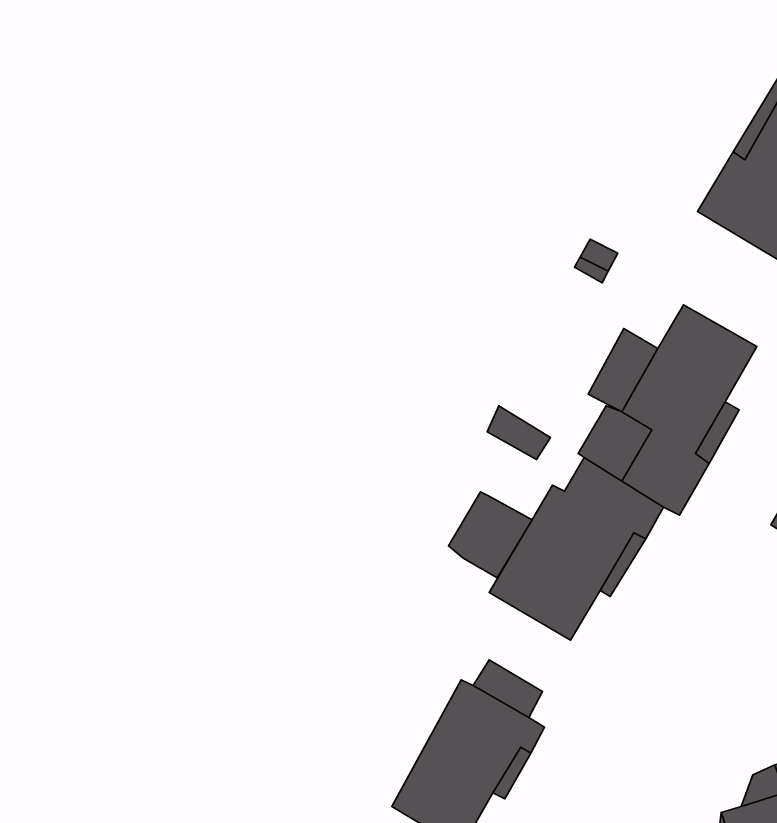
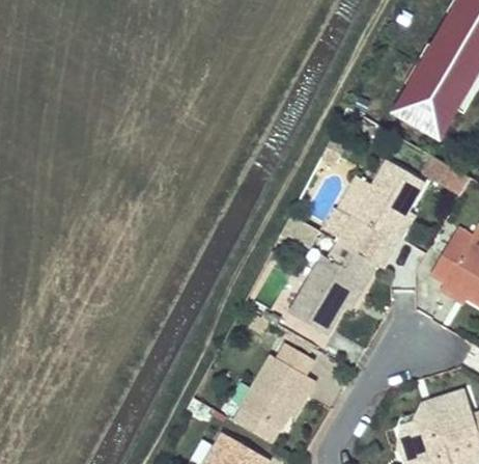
building: [449,492,532,578] -> none

